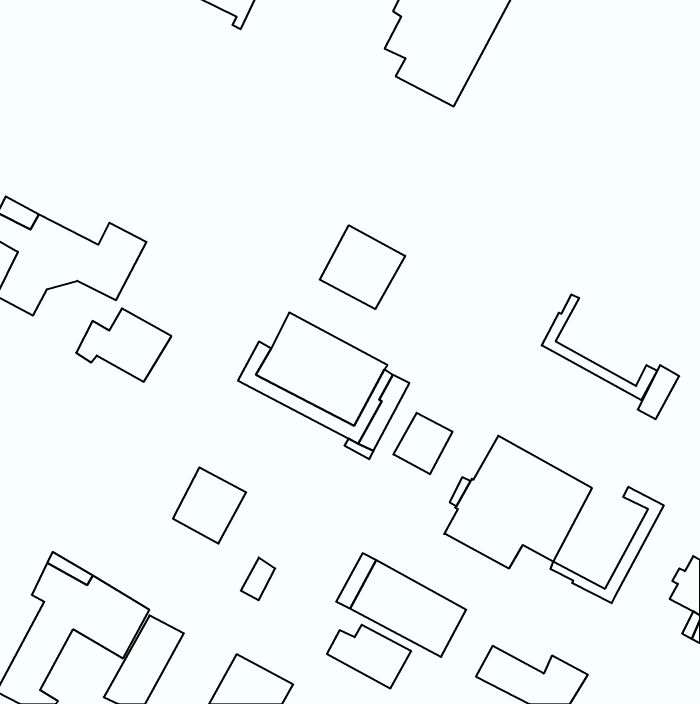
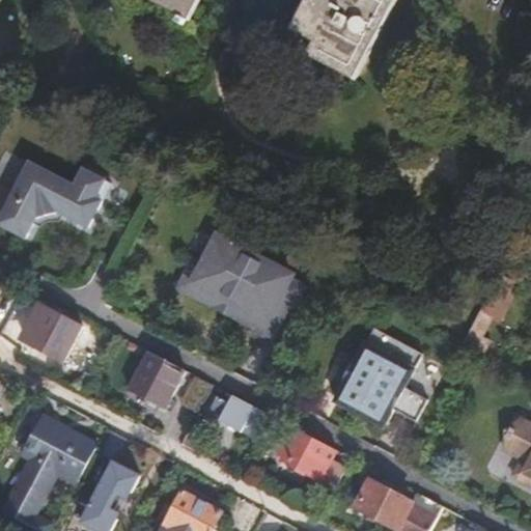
building: [320,225,405,309] -> none
building: [542,294,657,400] -> none
building: [76,308,171,382] -> [9,302,81,357]
building: [393,413,452,474] -> none
building: [550,487,664,603] -> none
building: [327,625,411,688] -> [205,394,269,442]

